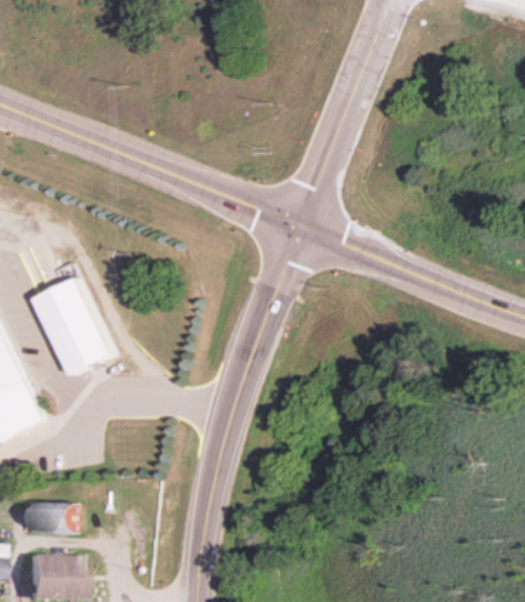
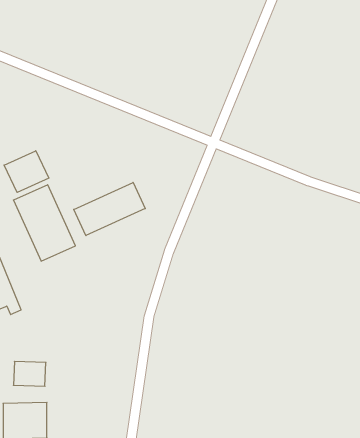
building: none -> [4,151,49,192]
building: none -> [74,182,145,236]

